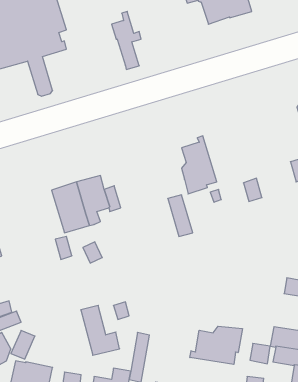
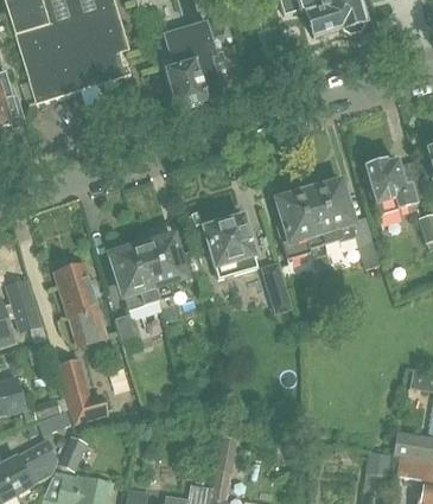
building: none -> [164,19,208,108]
building: none -> [364,157,416,213]
building: none -> [305,180,355,243]
building: none -> [203,215,259,279]
building: none -> [55,261,106,345]
building: [81,305,120,355] -> [58,358,108,422]
building: [190,326,242,364] -> none

